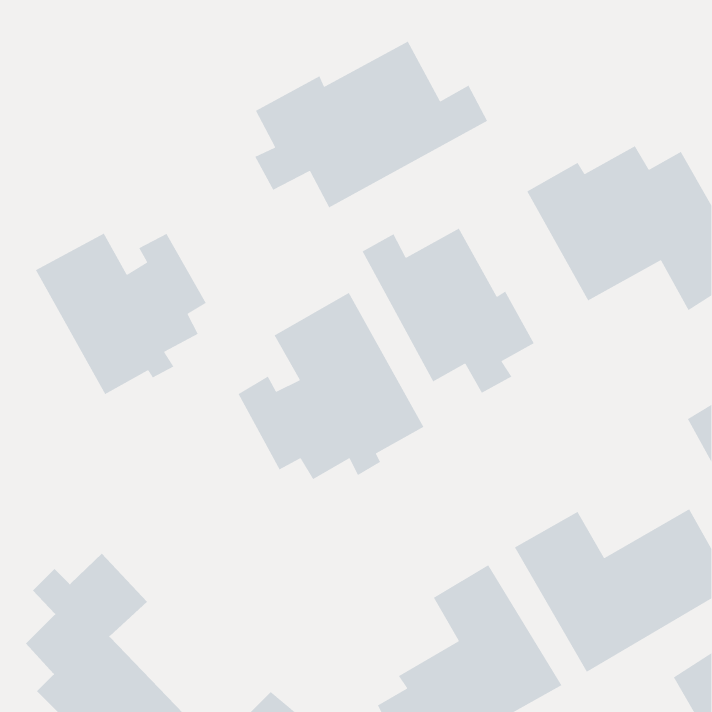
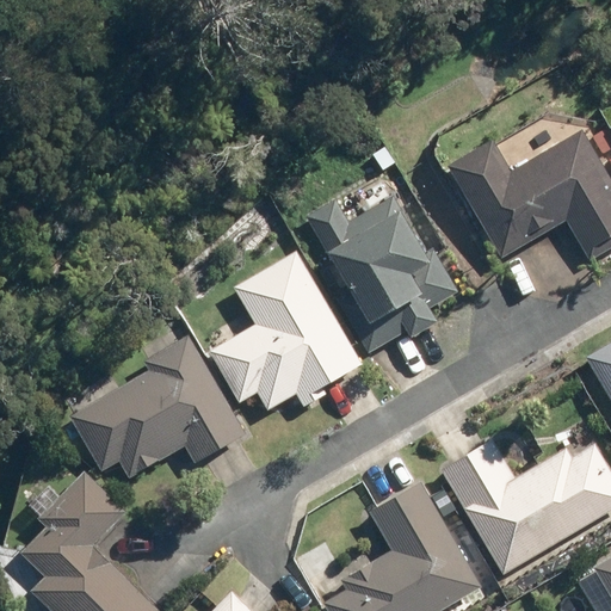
building: [254,41,488,209] -> none
building: [35,232,207,395] -> none
building: none -> [73,335,245,480]

